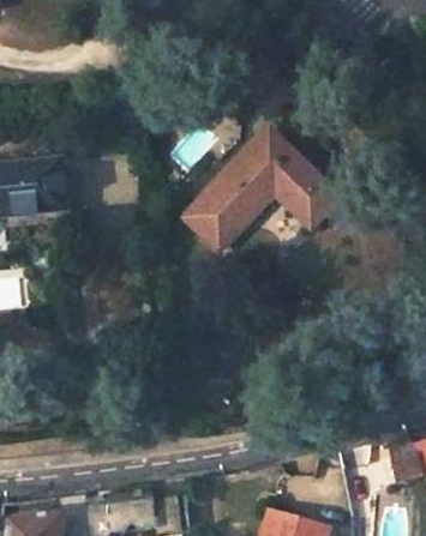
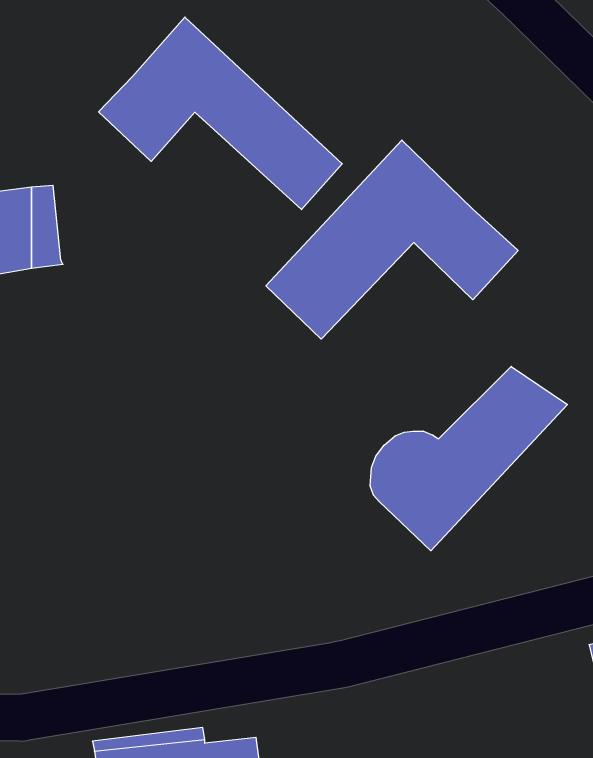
building: none -> [99,17,342,210]
building: none -> [370,366,567,551]

